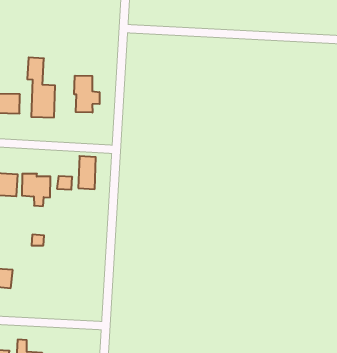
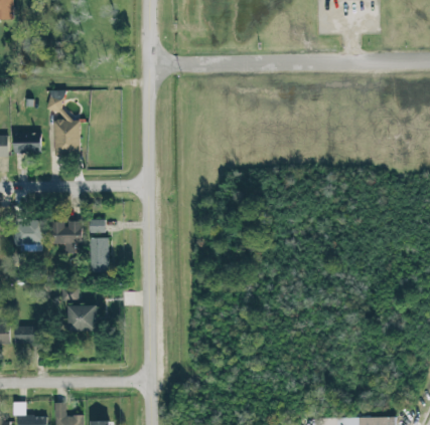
building: [74,76,100,113] -> none
building: [78,156,96,189] -> [90,237,109,272]
building: none -> [69,304,98,334]

